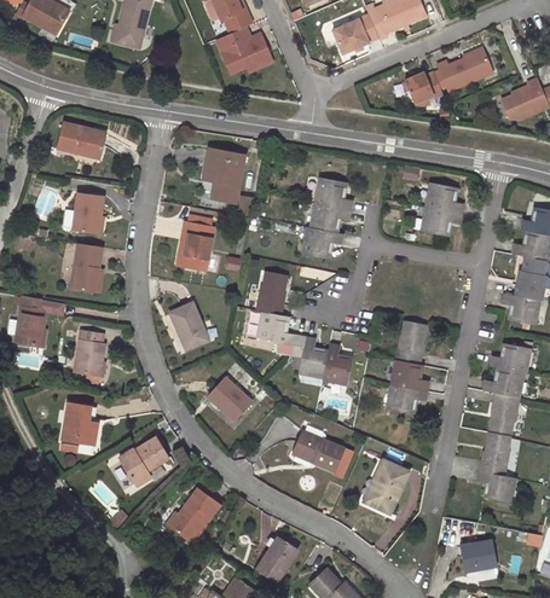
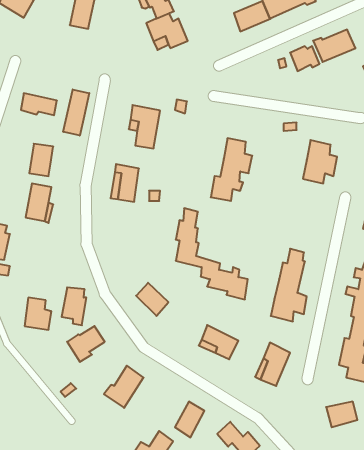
building: none -> [63,89,89,136]
building: [167,307,207,354] -> none
building: [68,336,100,385] -> [62,287,86,325]

